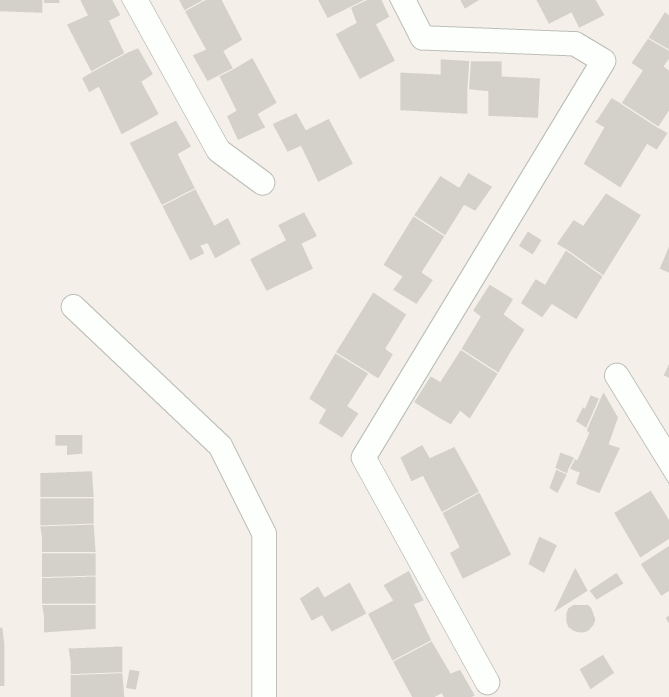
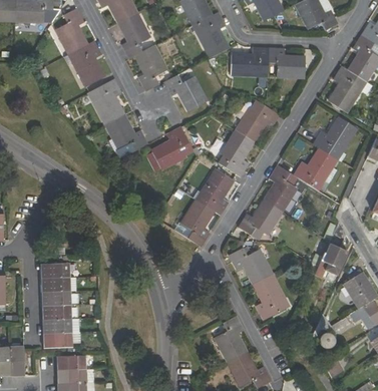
building: [299,581,367,632] -> none

